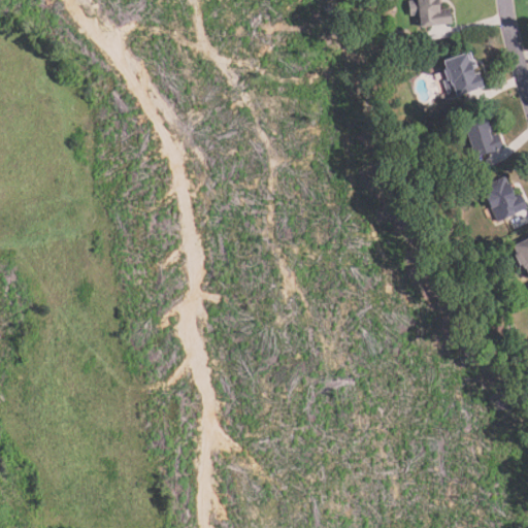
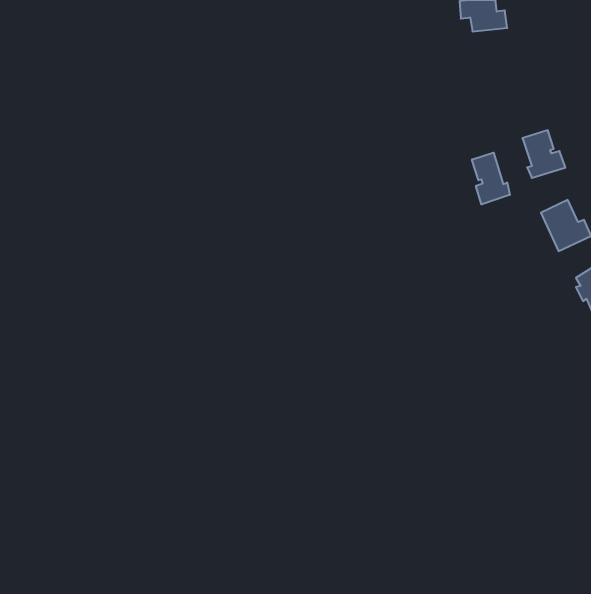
building: [444,53,484,96] -> none
building: none -> [472,153,510,204]

